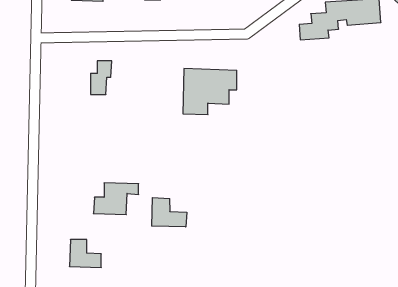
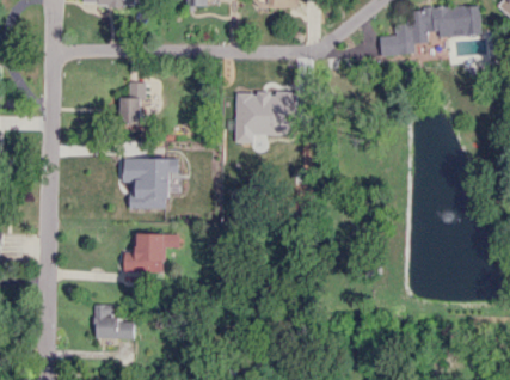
building: none -> [124,158,179,208]
building: [152,198,187,227] -> none

